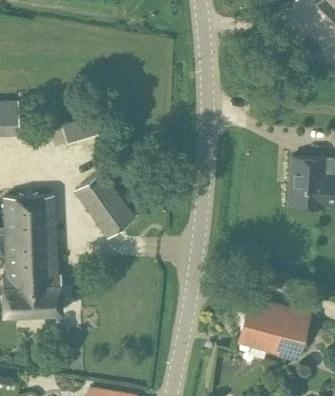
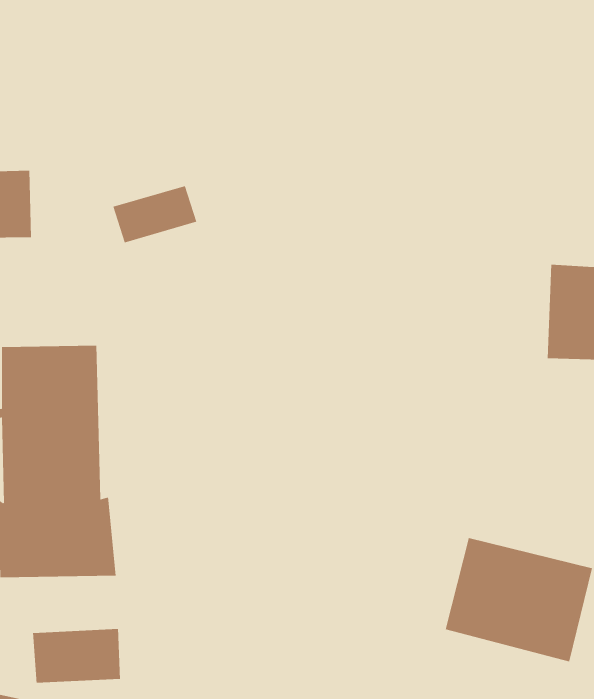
building: [75,172,135,237] -> none
building: none -> [33,628,120,684]

